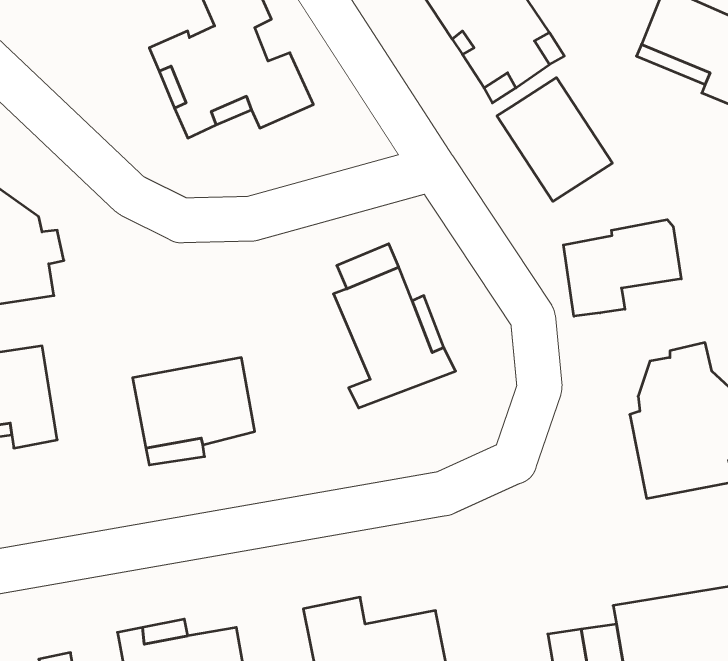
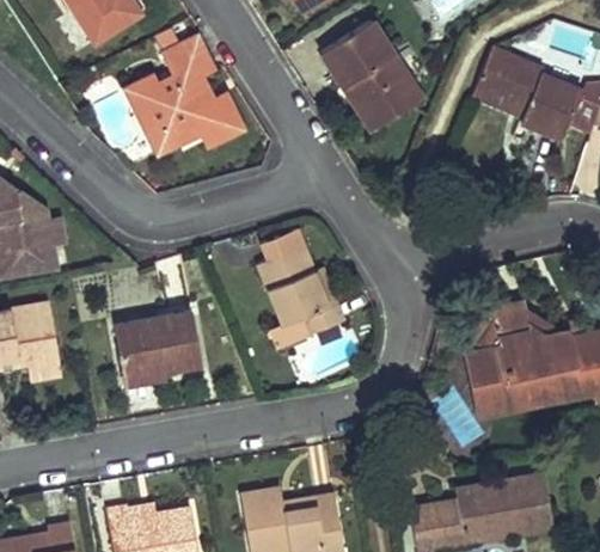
building: [497,78,612,201] -> none
building: [563,220,681,316] -> none

